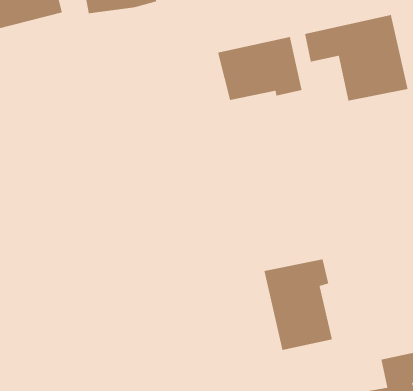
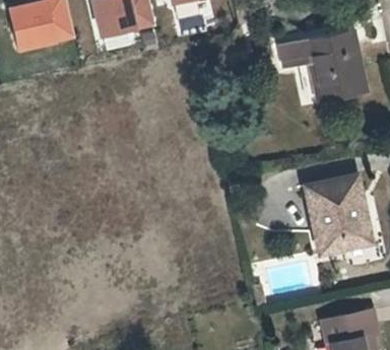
building: [217,36,302,101] -> none
building: [264,258,333,351] -> [304,172,362,250]

